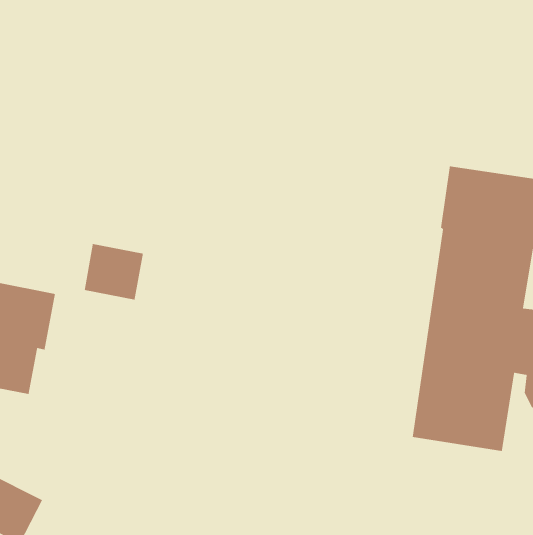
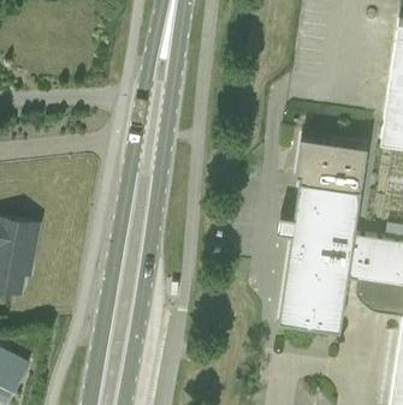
building: [84,243,144,300] -> none

